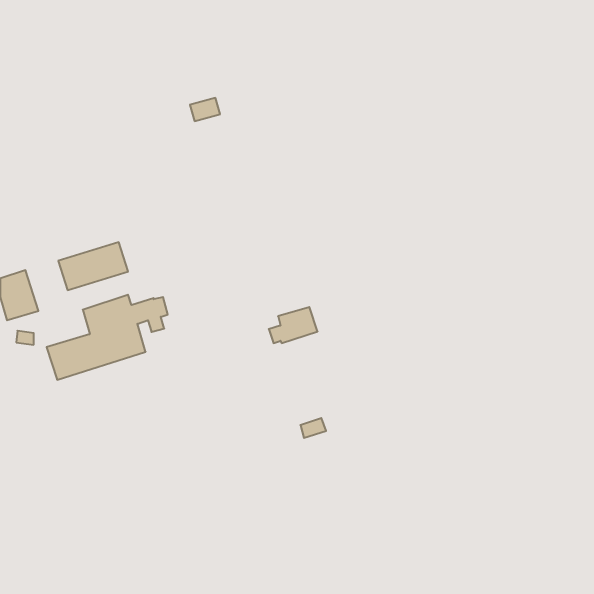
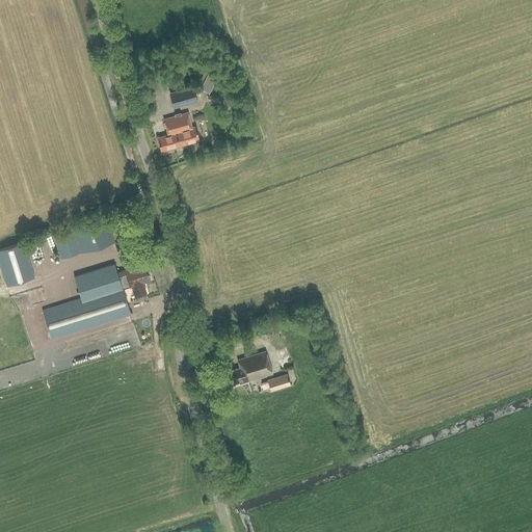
building: none -> [158,114,200,152]
building: [269,307,318,343] -> [230,352,273,384]

